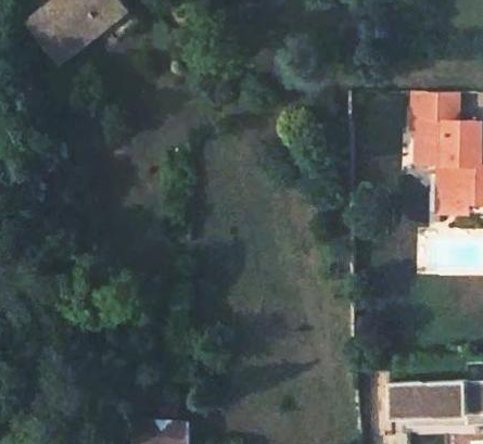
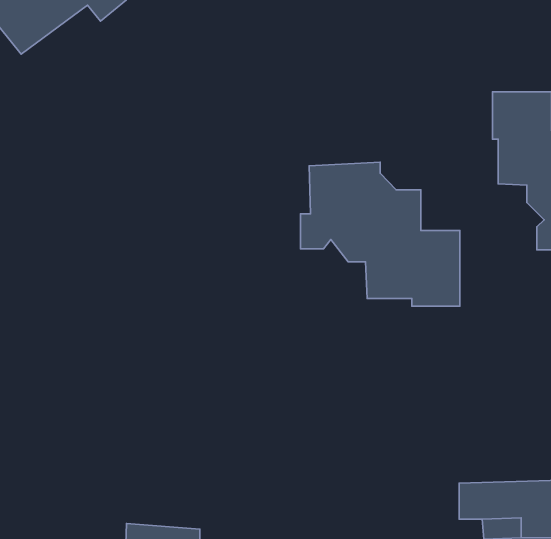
building: none -> [300,162,460,306]

